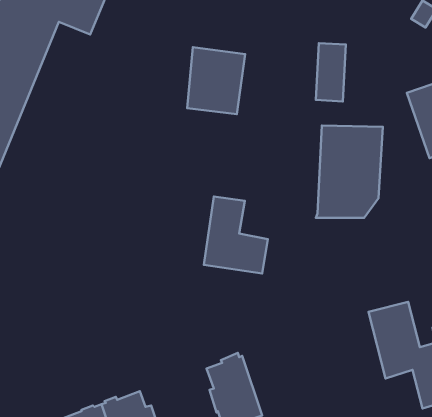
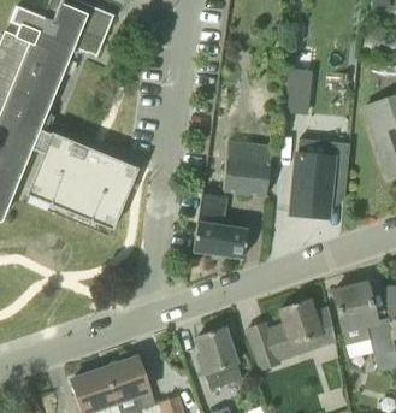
building: [187,47,245,114] -> [224,140,273,196]
building: none -> [29,129,138,224]
building: none -> [247,299,337,370]

